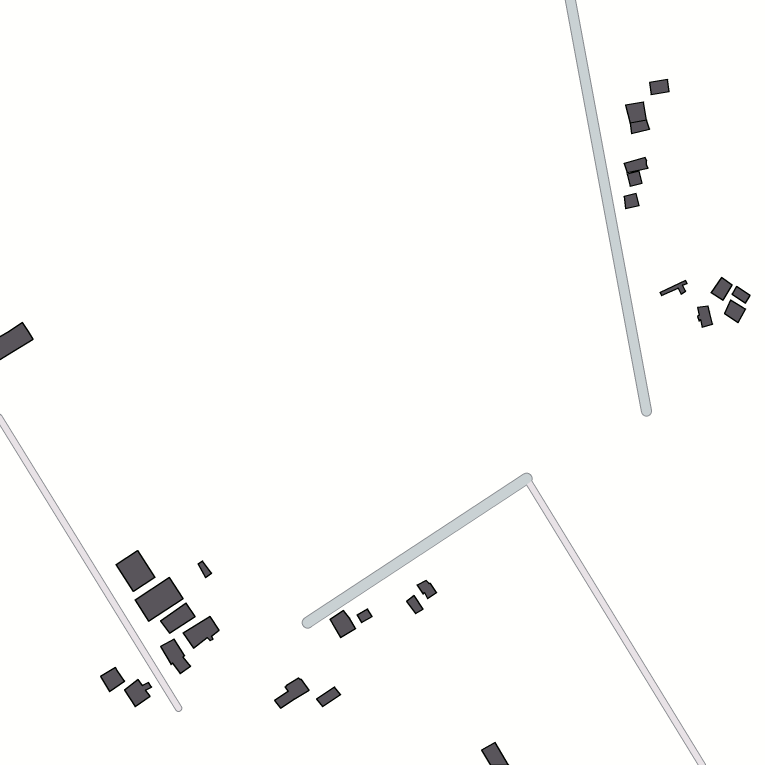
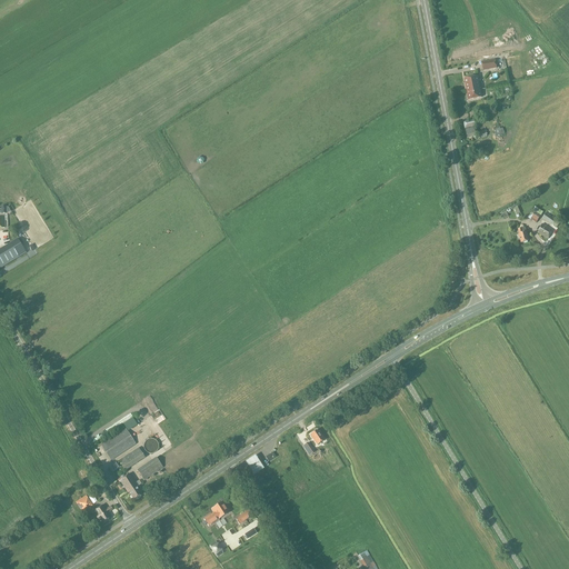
building: [116,551,155,591] -> none

